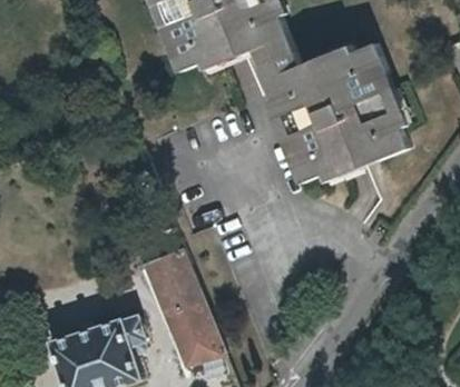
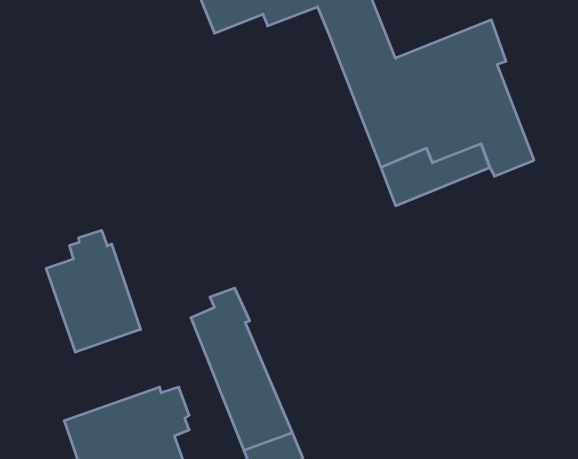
building: [165,28,251,76] -> none
building: none -> [46,230,141,352]

